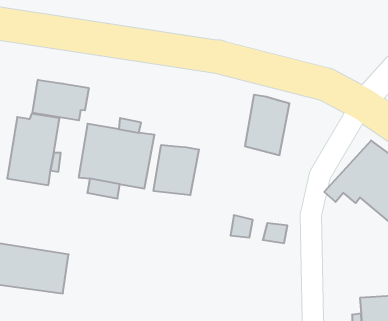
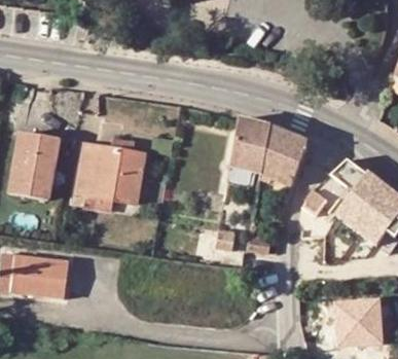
building: [32,80,89,120] -> none
building: none -> [261,123,307,183]
building: [154,145,199,195] -> none

